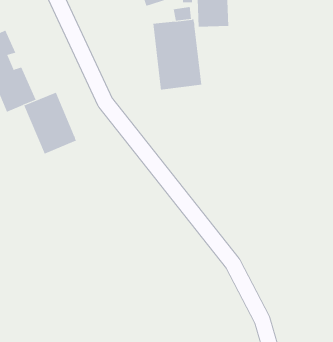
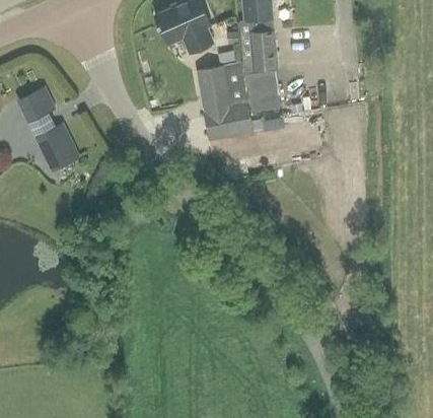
building: none -> [246,69,280,112]
building: [24,92,76,155] -> none

